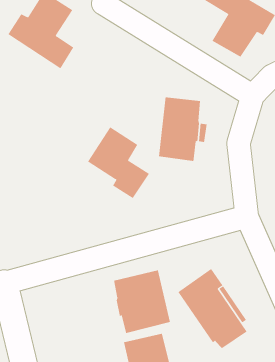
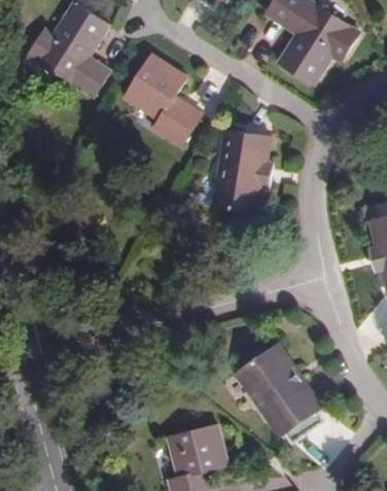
building: [87,126,150,199] -> [122,55,200,144]
building: [114,270,170,334] -> none

